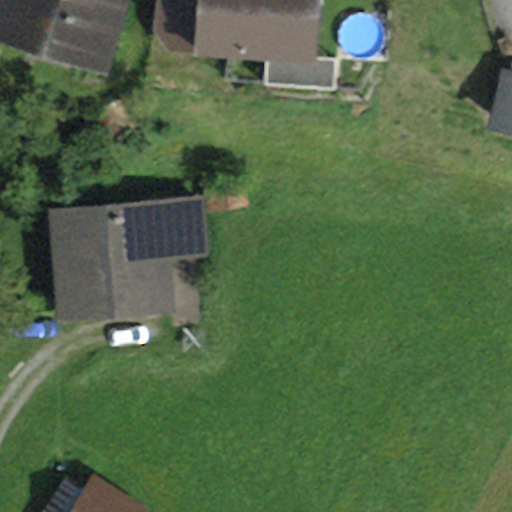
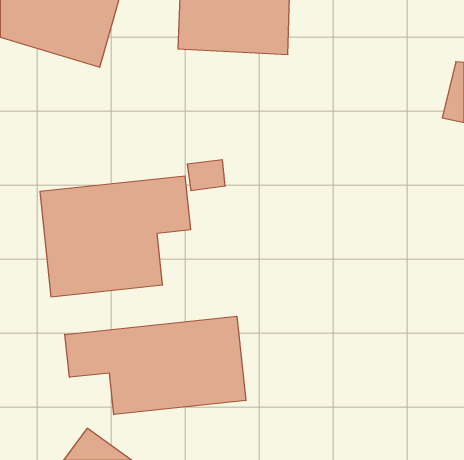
building: none -> [65,316,246,415]

